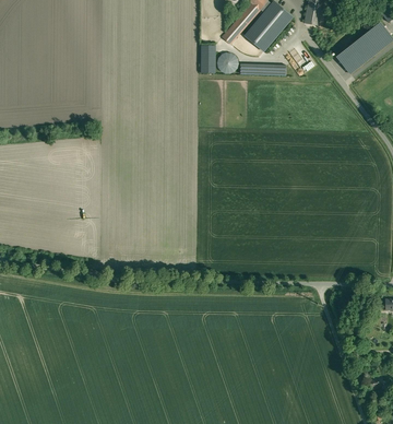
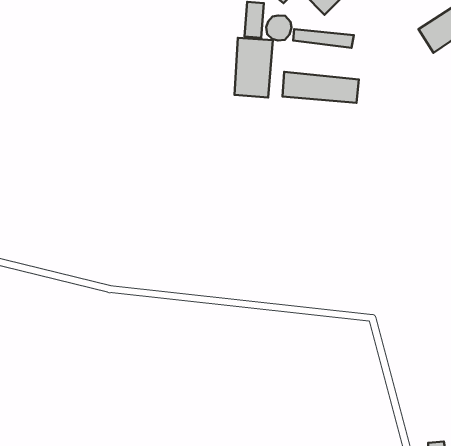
building: none -> [235,38,273,98]
building: none -> [283,72,359,103]

